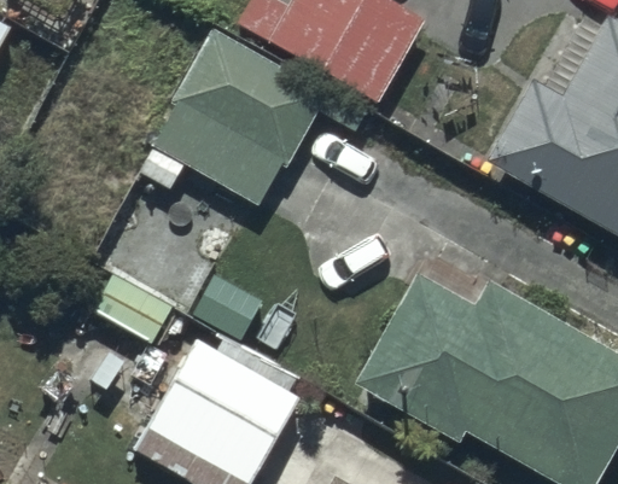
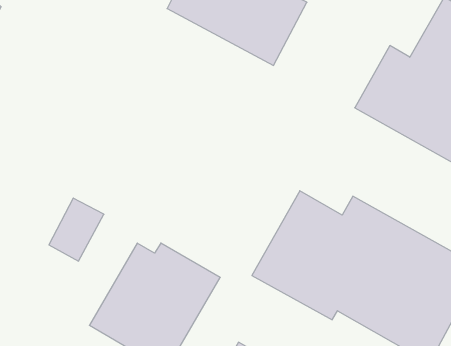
building: [141,29,368,210] -> none

